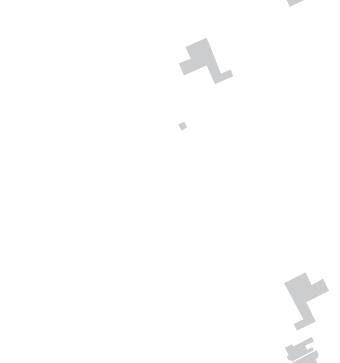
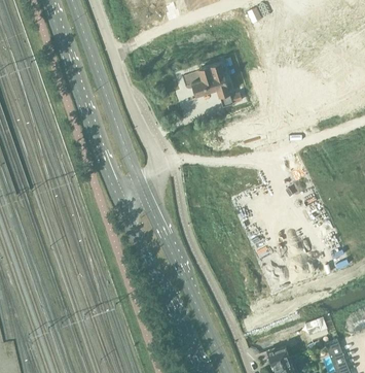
building: [283,272,330,331] -> none

